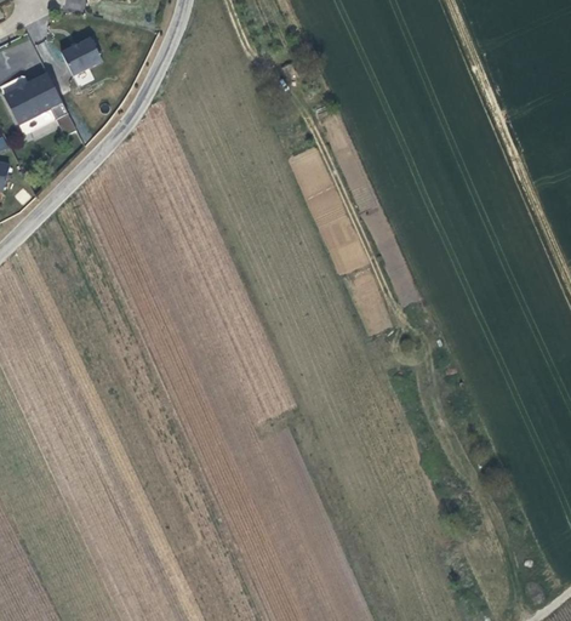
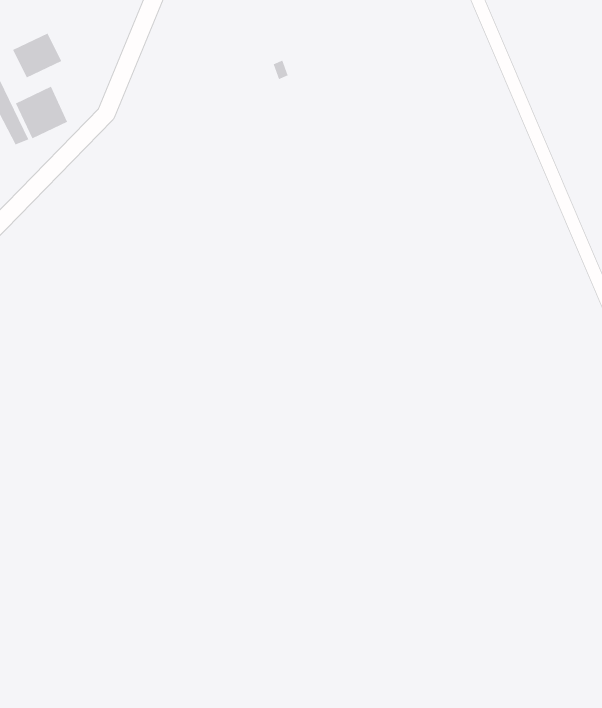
building: none -> [15,86,68,139]

